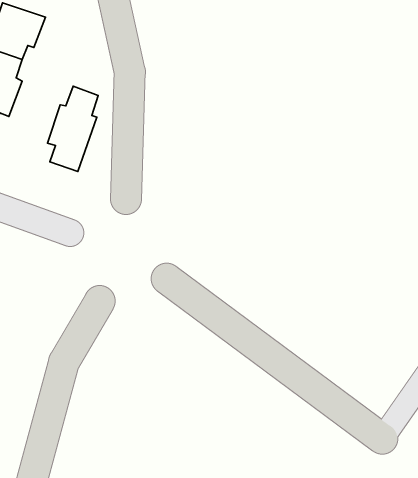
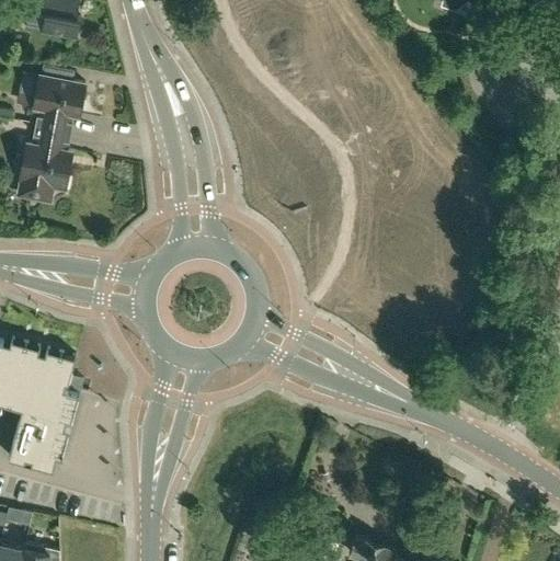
building: [47,86,98,172] -> none

